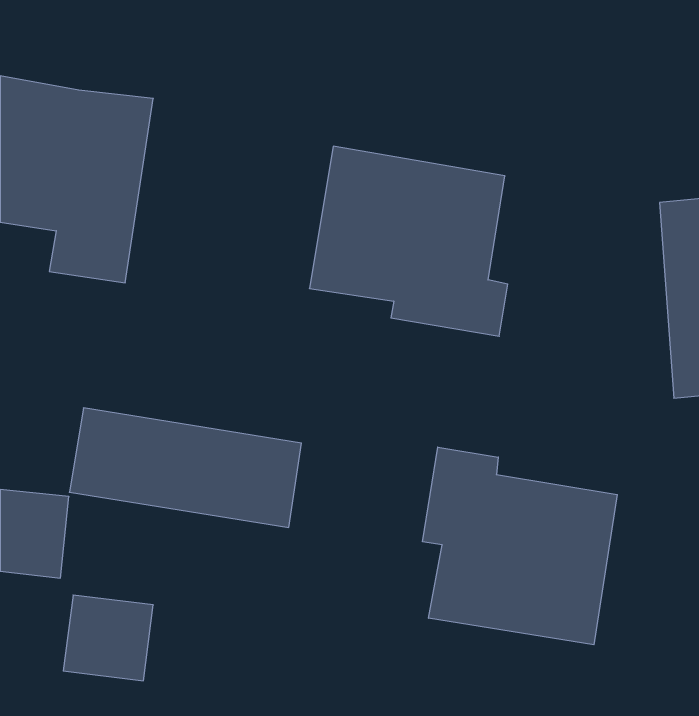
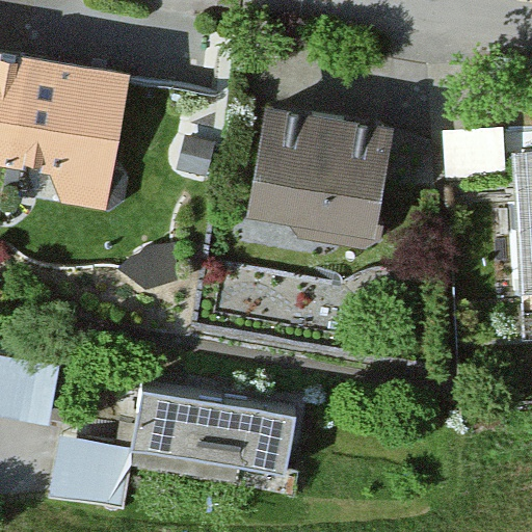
building: [69,408,301,527] -> [131,389,302,477]
building: [423,447,617,645] -> none

